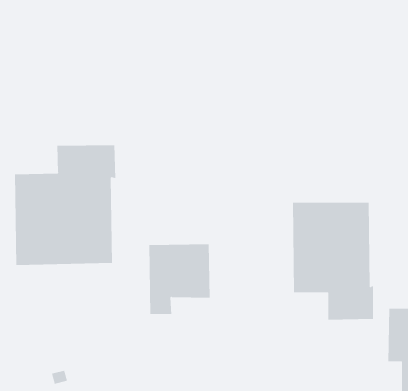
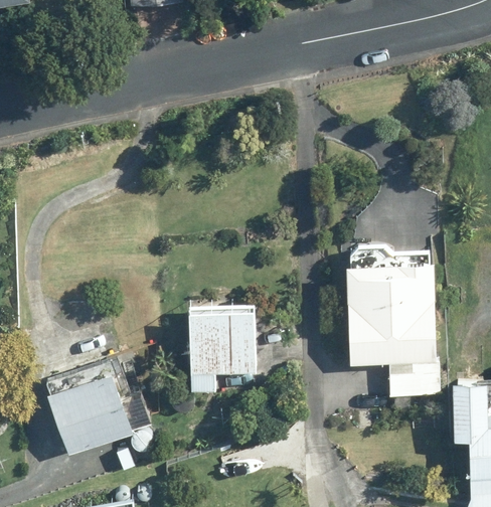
building: [14,145,116,266] -> none
building: none -> [48,373,134,455]

